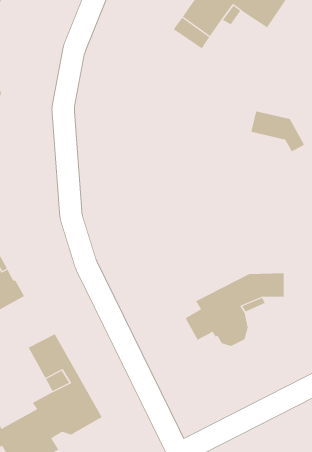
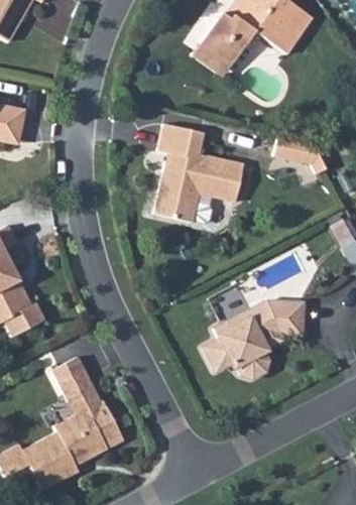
building: none -> [151,124,242,222]

